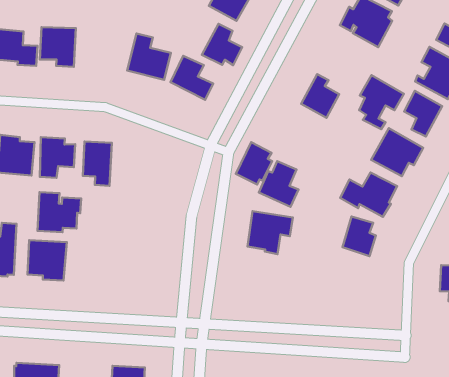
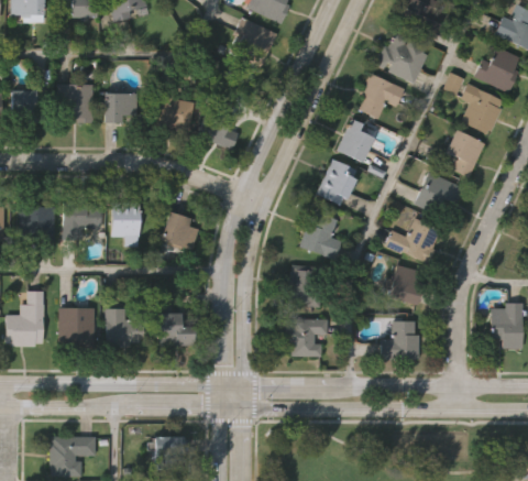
building: [202,24,242,65] -> none
building: none -> [101,92,135,122]
building: [359,75,404,129] -> [356,70,403,127]
building: [236,142,272,184] -> [315,160,352,204]
building: none -> [158,210,200,251]
building: [38,192,81,232] -> [105,308,148,349]
building: none -> [154,310,195,346]
building: none -> [284,318,328,357]
building: none -> [380,320,418,359]

